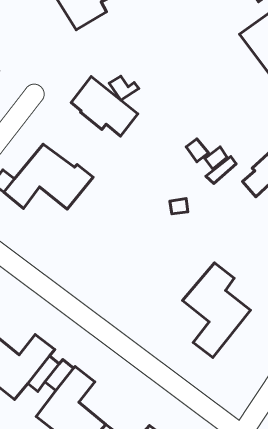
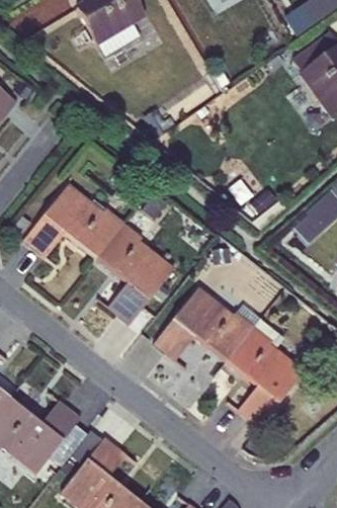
building: [71,76,138,136] -> none
building: none -> [95,222,175,324]
building: none -> [153,286,262,361]

